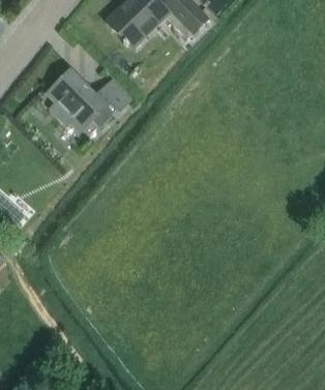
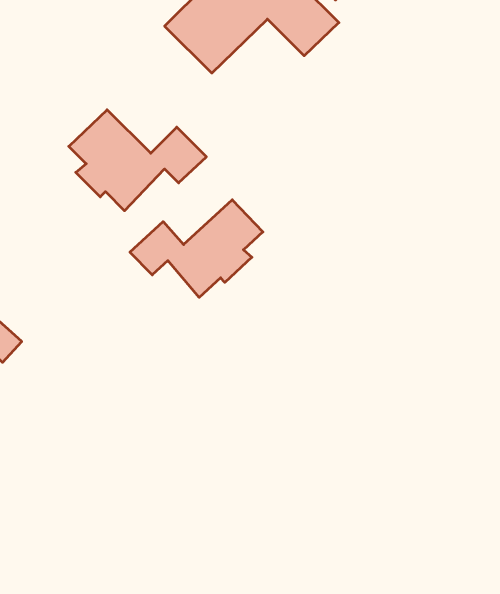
building: none -> [130,200,263,297]

